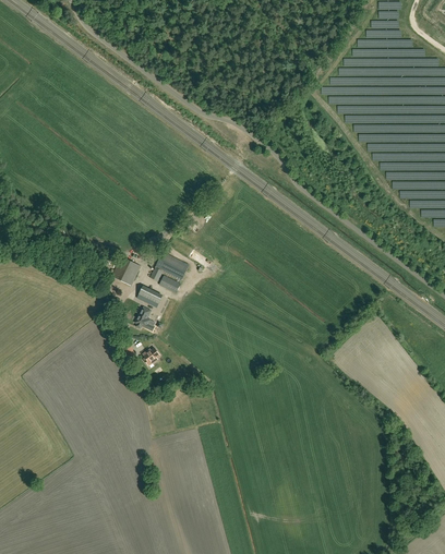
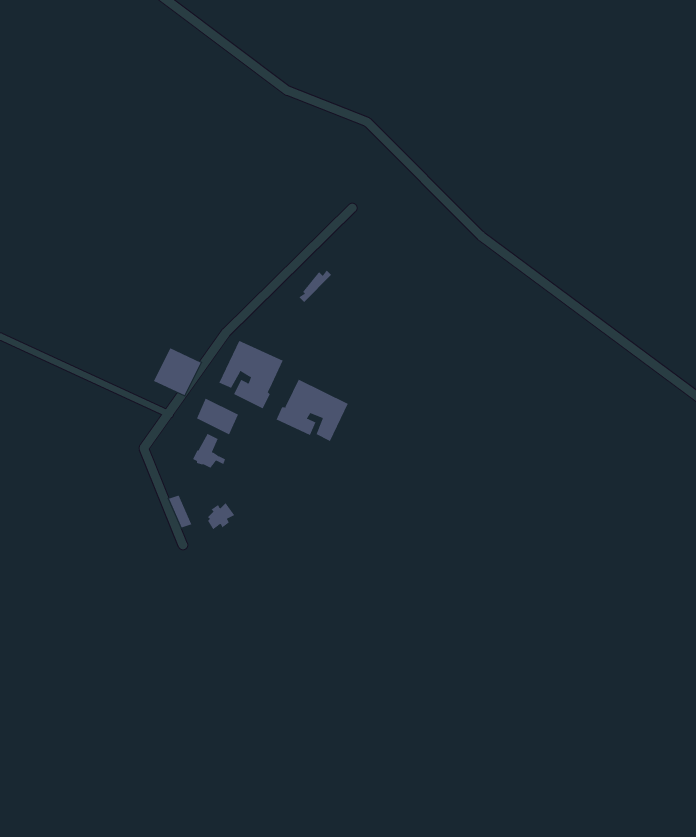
building: none -> [276,379,348,442]

